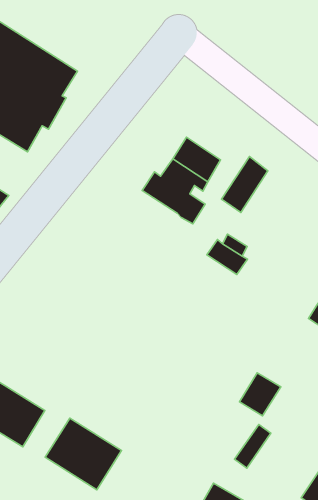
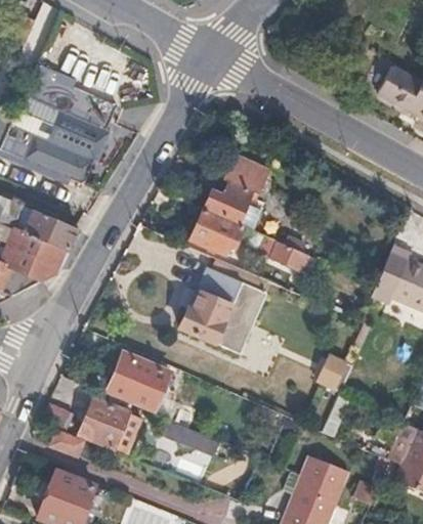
building: [221,157,268,212] -> none
building: none -> [183,206,237,252]
building: none -> [178,258,268,351]
building: none -> [105,353,170,412]

